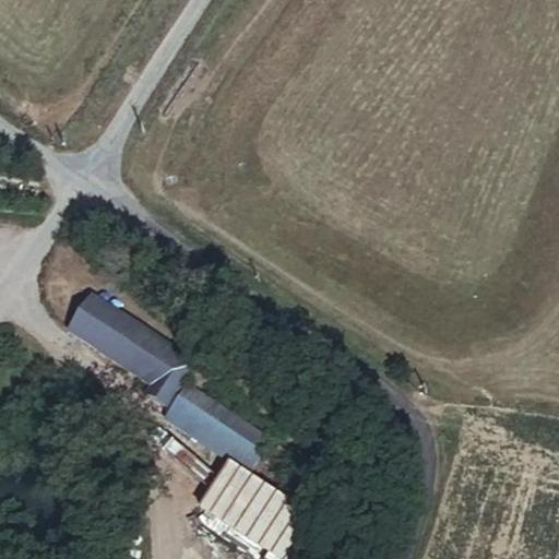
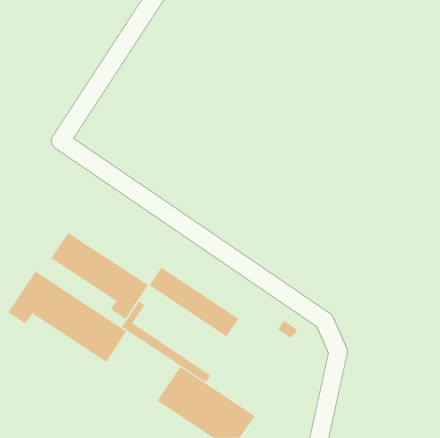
building: none -> [7,271,127,363]
building: [167,383,281,472] -> [149,267,239,337]

